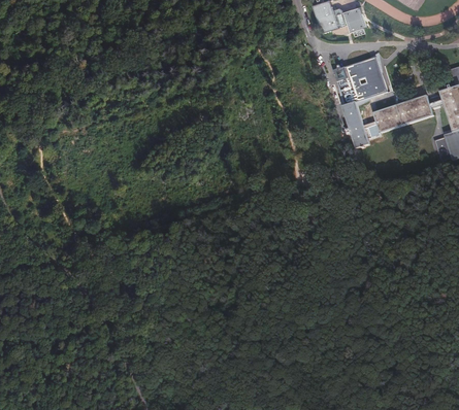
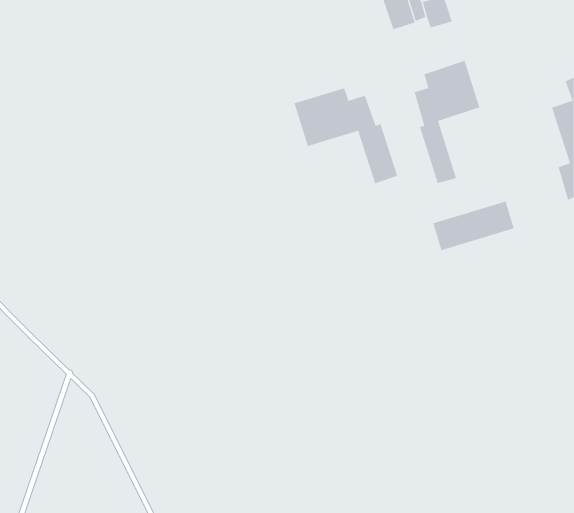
building: none -> [294,87,398,184]
building: [373,95,434,132] -> [433,201,514,251]

